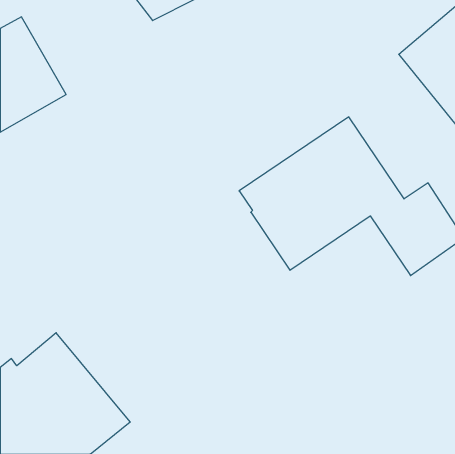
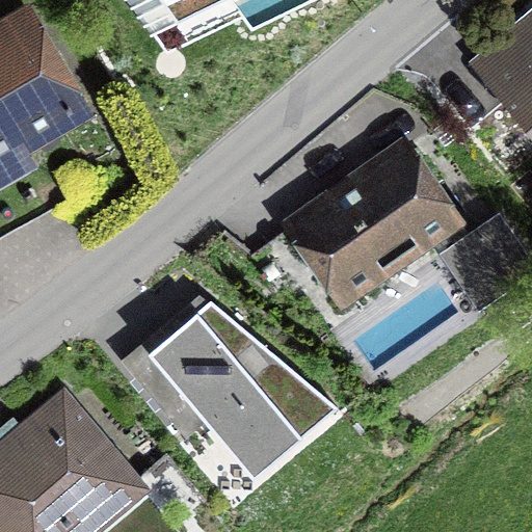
building: none -> [119,294,337,486]

